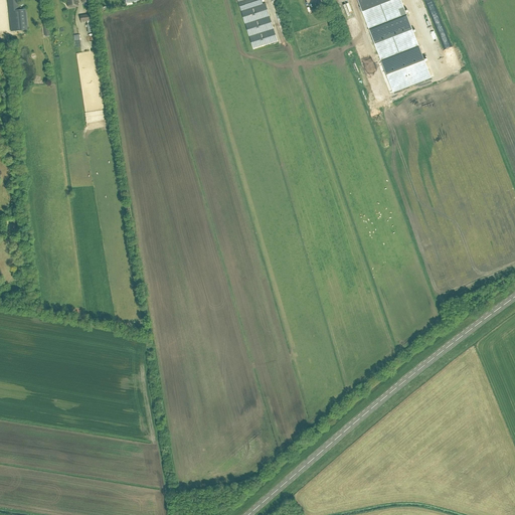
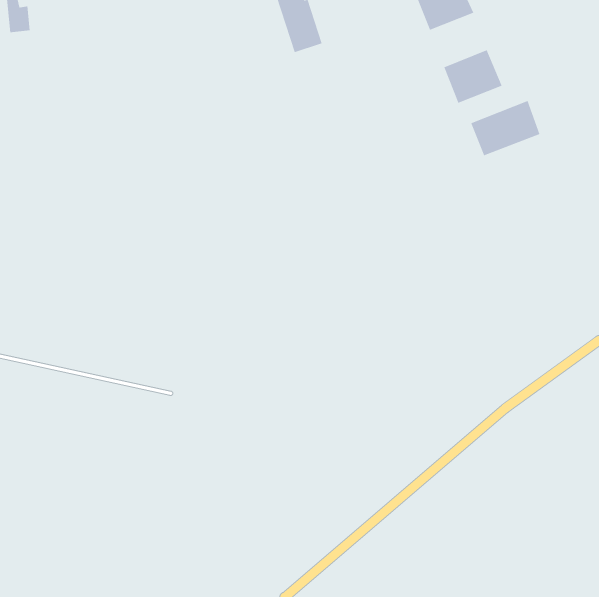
building: [368,12,416,56] -> none
building: none -> [470,100,540,156]

